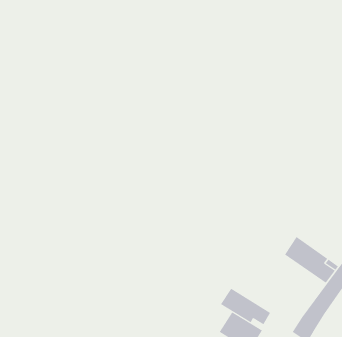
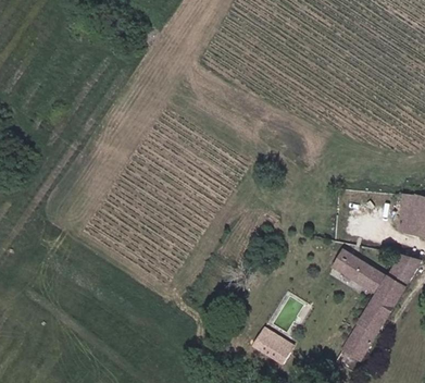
building: [220,288,271,325] -> none

